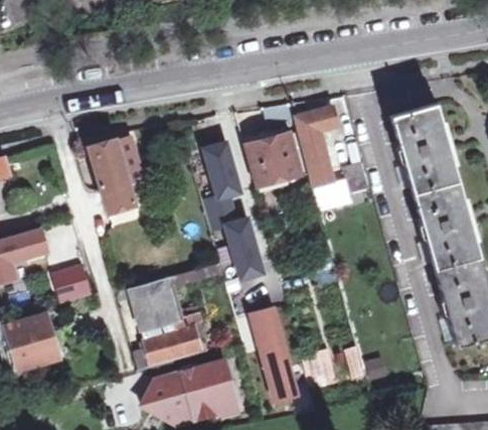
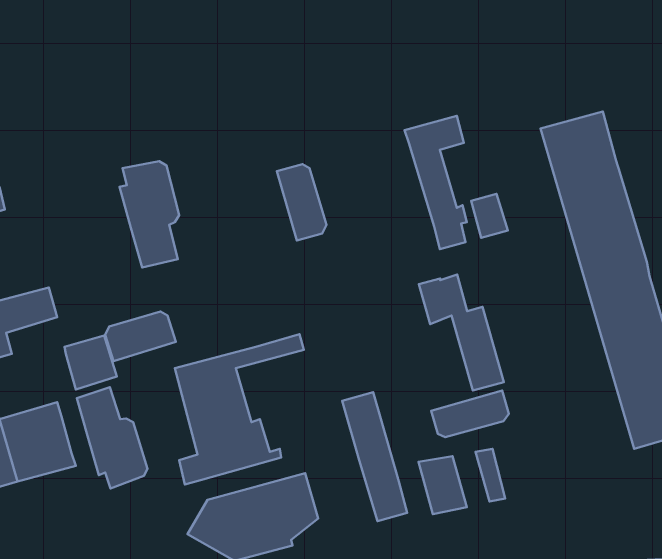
building: [243,132,301,187] -> none
building: [203,193,264,276] -> [419,274,504,391]
building: none -> [105,311,176,361]
building: none -> [77,387,148,489]
building: none -> [431,391,509,437]

